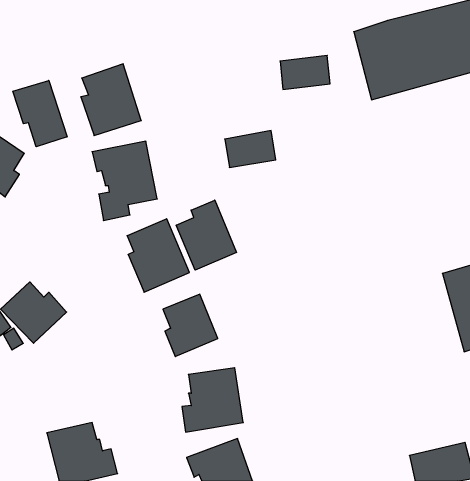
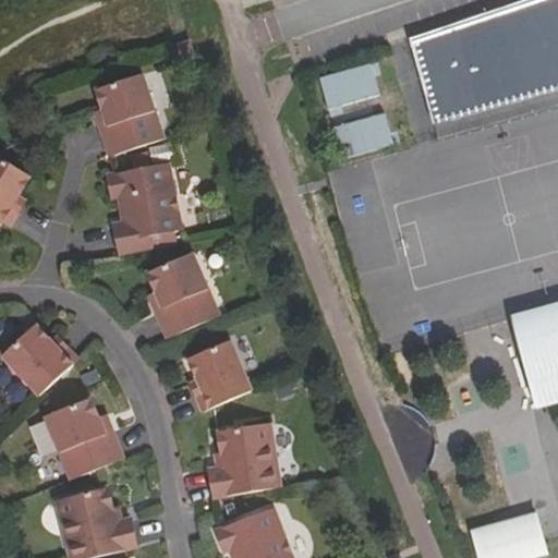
building: [13,80,67,147] -> none
building: [225,131,276,167] -> [338,111,397,154]
building: [176,200,236,270] -> none
building: none -> [45,399,123,481]

